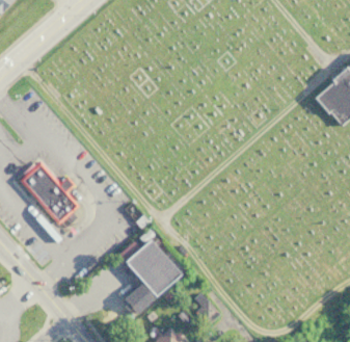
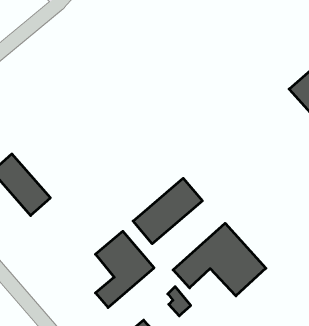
building: none -> [133,178,202,244]
building: none -> [173,223,266,296]

